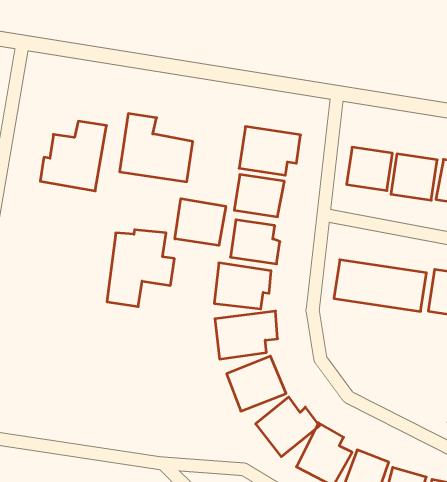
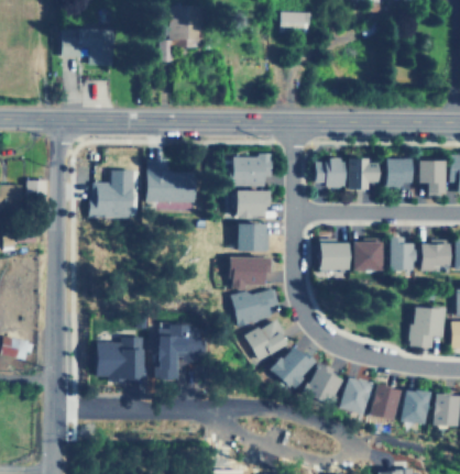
building: [175,199,226,245] -> none
building: [107,230,174,307] -> [154,324,199,381]
building: none -> [95,338,143,381]

